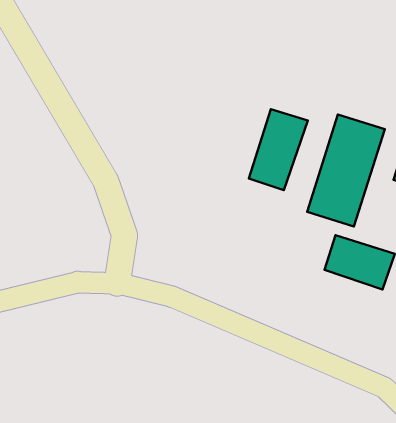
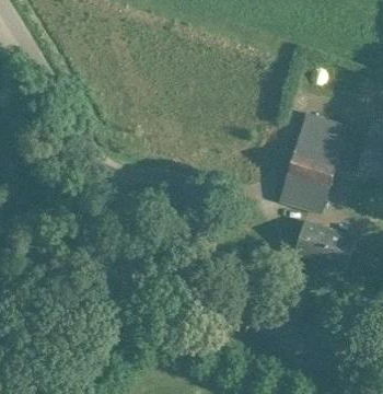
building: [249,109,308,190] -> none

